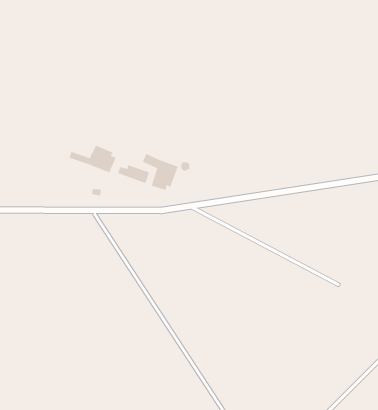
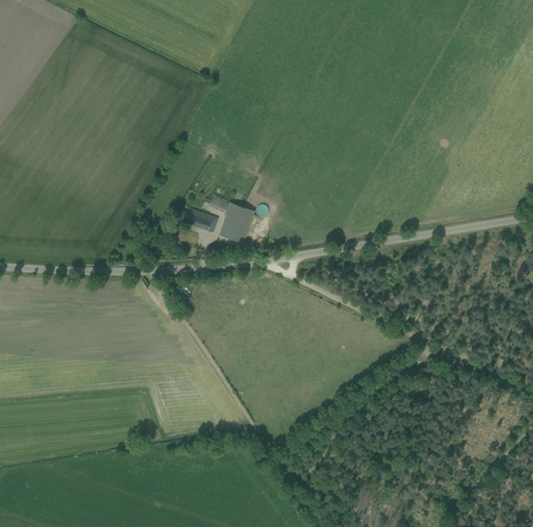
building: [69,145,117,173] -> none

